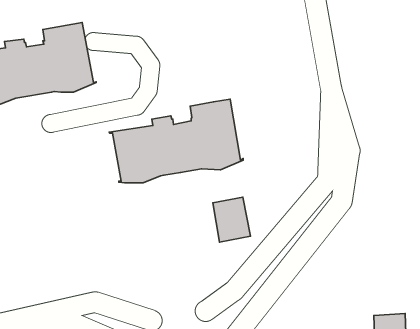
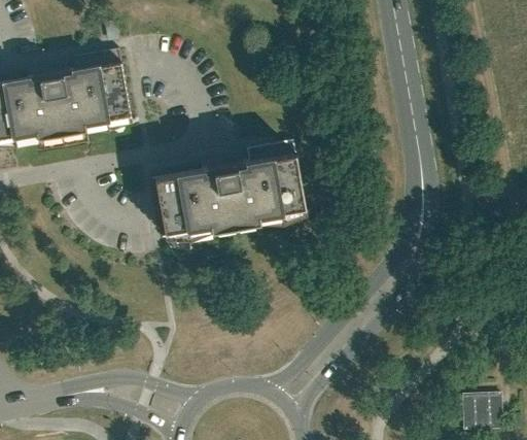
building: [213,197,251,242] -> none

